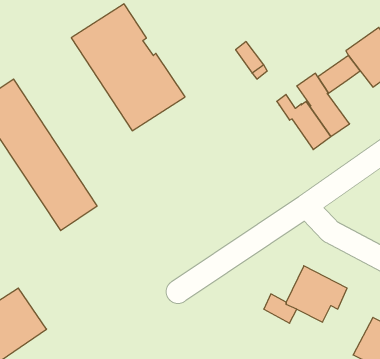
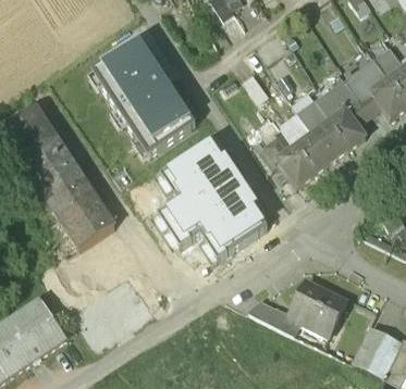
building: none -> [328,100,370,149]
building: none -> [264,131,315,186]
building: none -> [160,142,266,256]

